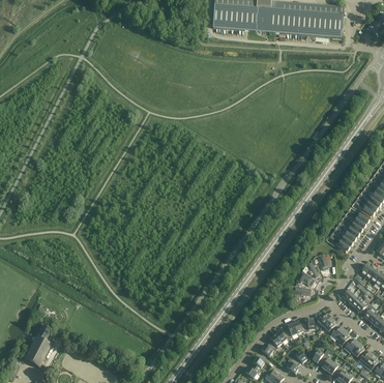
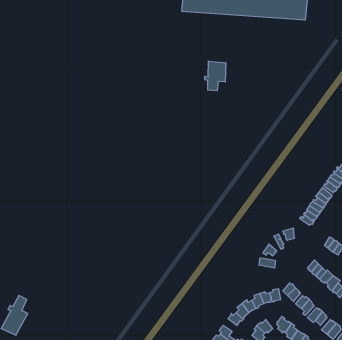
building: none -> [205,61,226,91]

